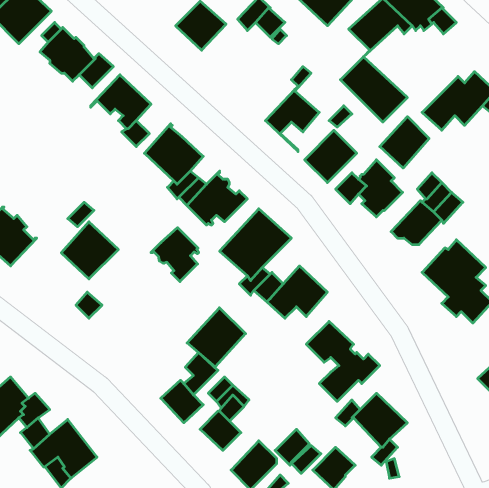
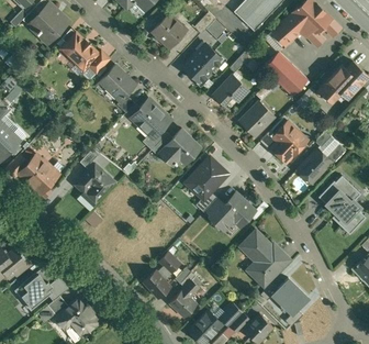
building: none -> [183,42,222,84]
building: [380,117,429,168] -> none
building: [151,228,199,282] -> none
building: [187,308,246,367] -> none

